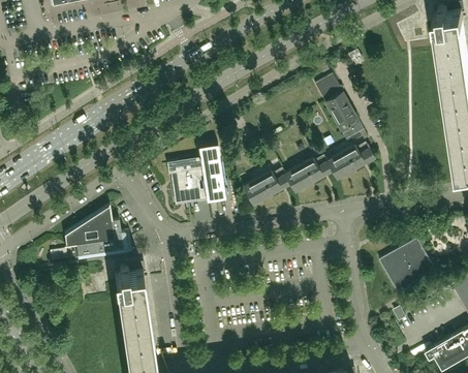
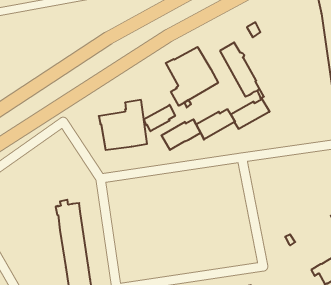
building: none -> [166,47,218,106]
building: none -> [144,105,175,131]
building: [64,205,126,258] -> none
building: [378,239,435,292] -> none

